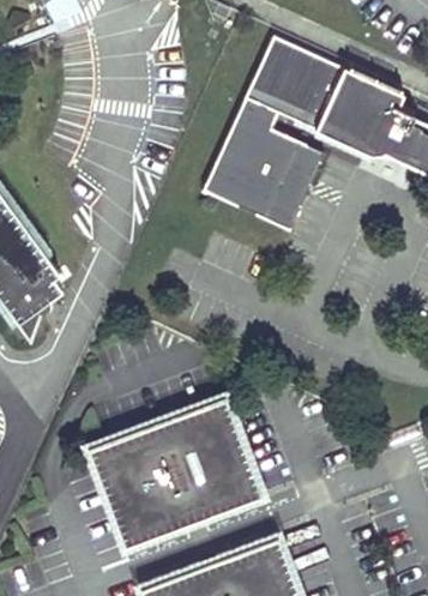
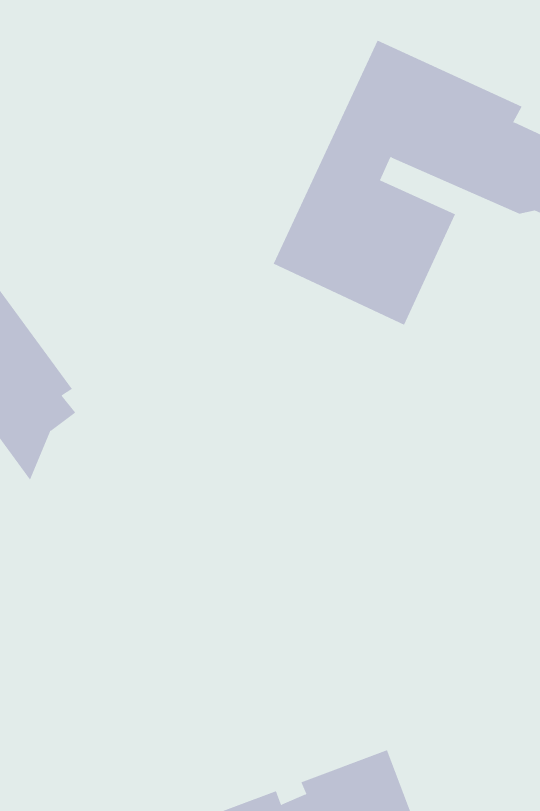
building: [89,393,265,546] -> none

